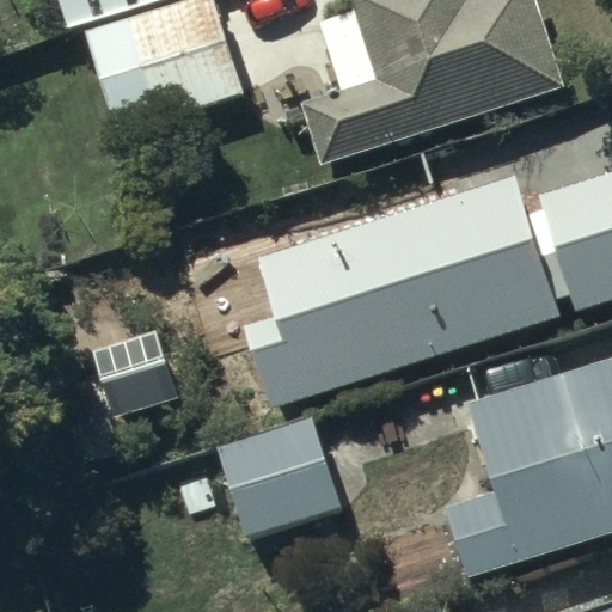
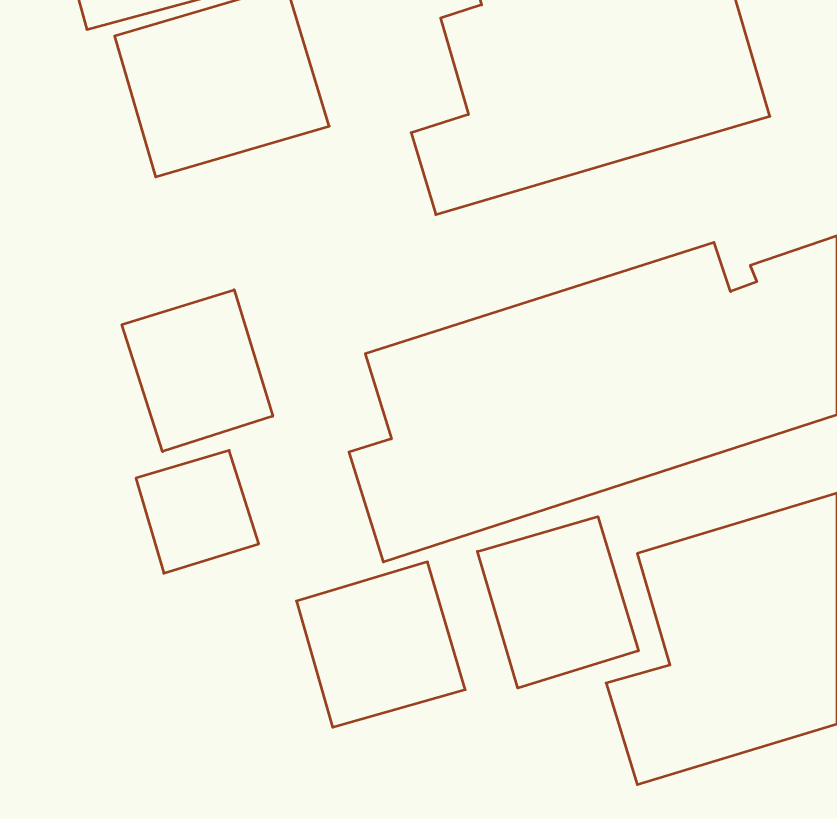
building: none -> [122,290,273,452]
building: none -> [477,517,638,688]

